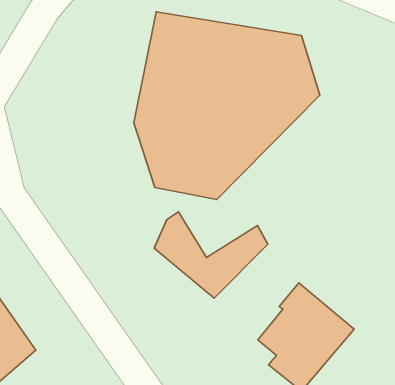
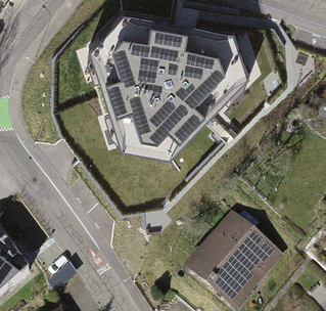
building: [154,212,268,298] -> none

